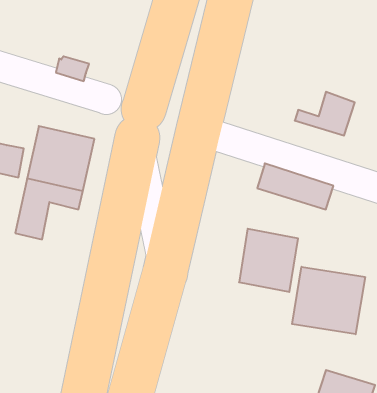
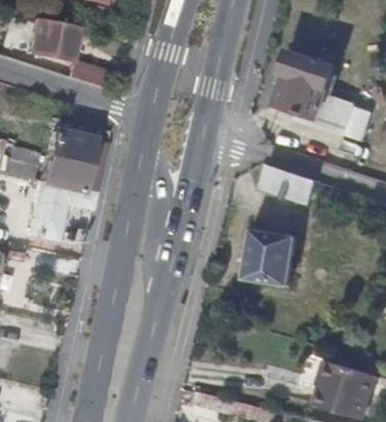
building: none -> [28,21,77,60]
building: none -> [279,50,339,119]
building: [292,267,365,334] -> none

